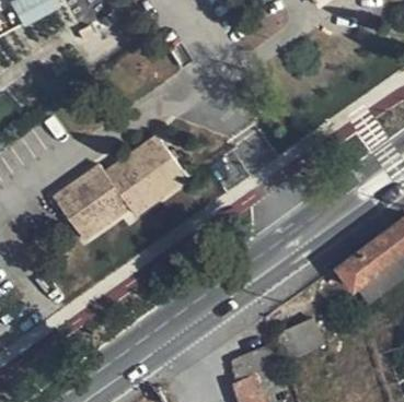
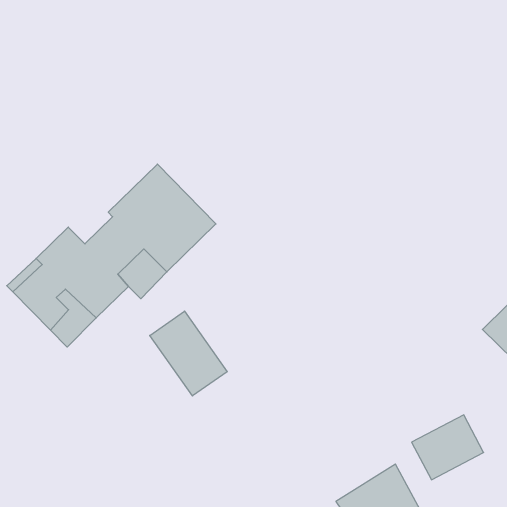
building: none -> [150,311,227,396]

